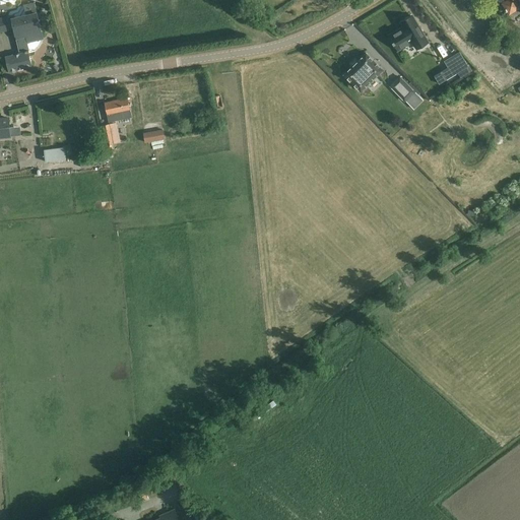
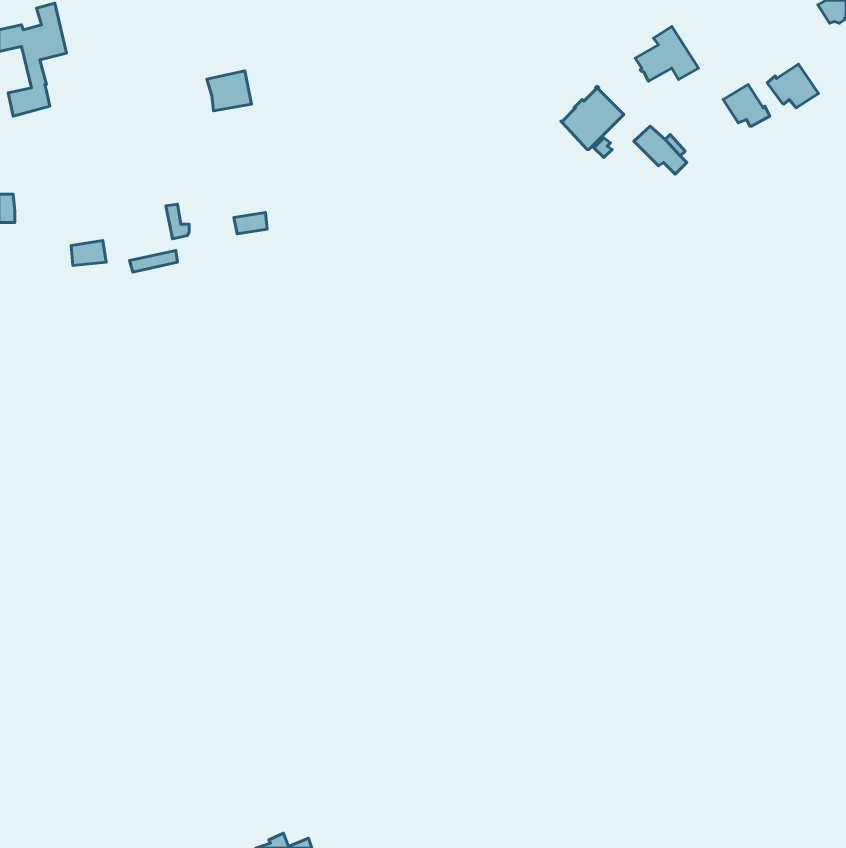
building: none -> [767,64,818,108]
building: [104,98,131,122] -> [207,71,252,111]

